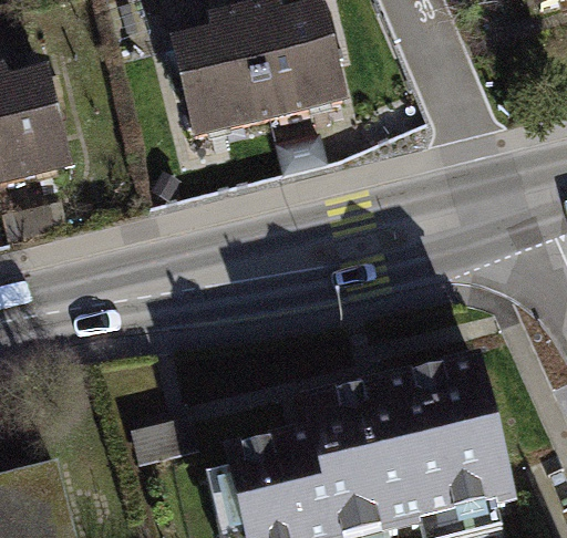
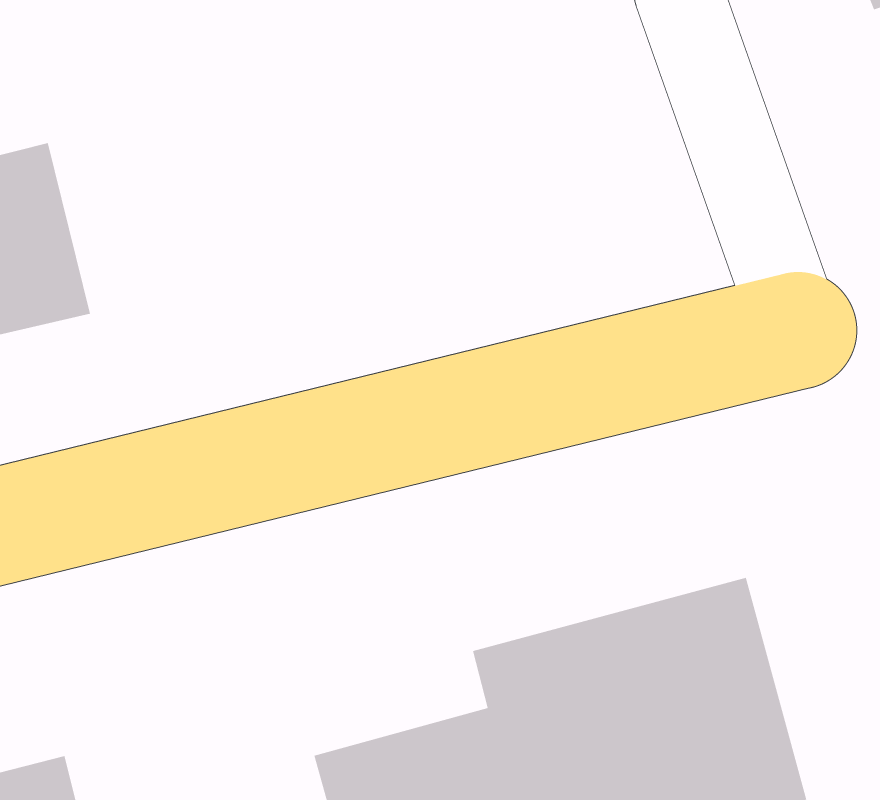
building: [171,22,348,161] -> none

